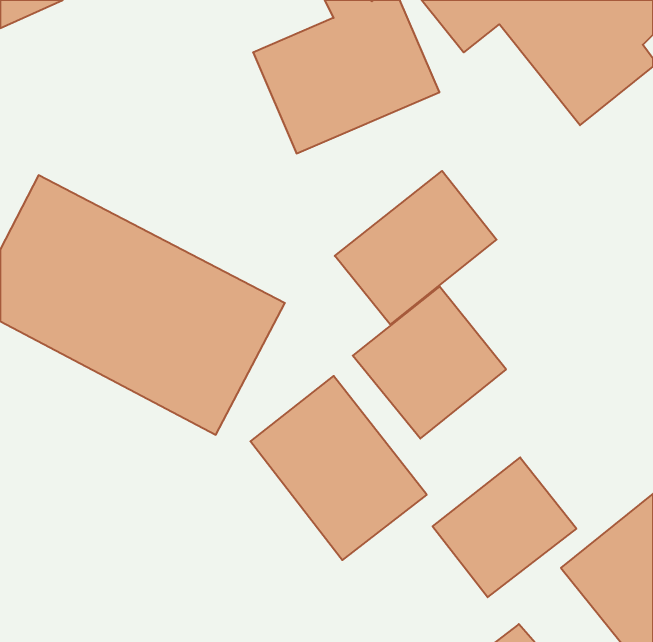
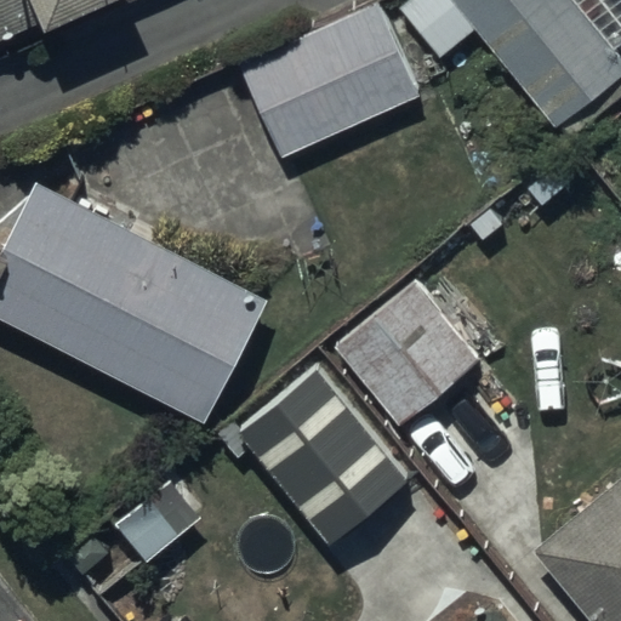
building: [335,171,497,325] -> none
building: [433,457,576,597] -> none

